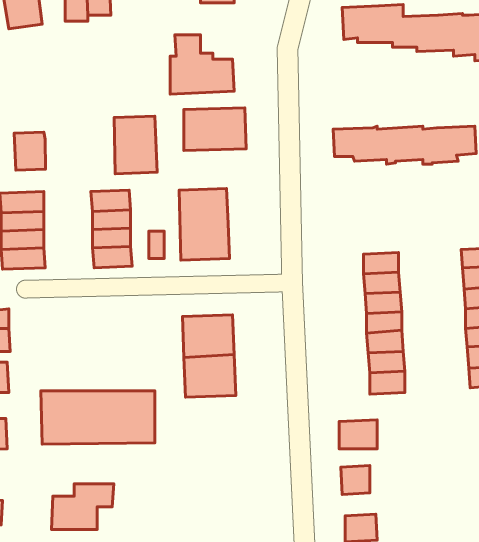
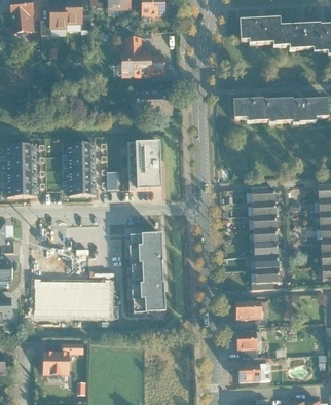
building: [114,116,157,174] -> none
building: [14,132,45,170] -> none
building: none -> [131,281,166,308]

